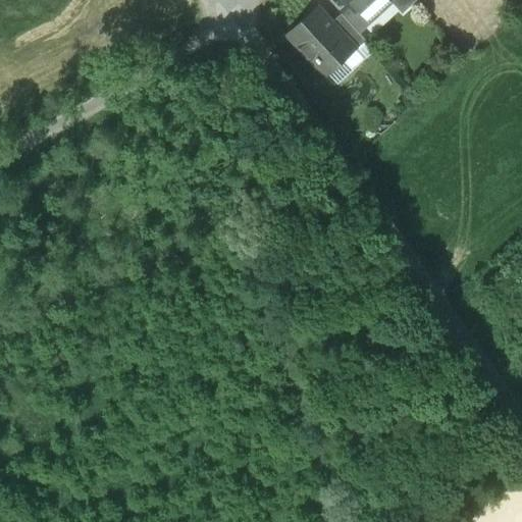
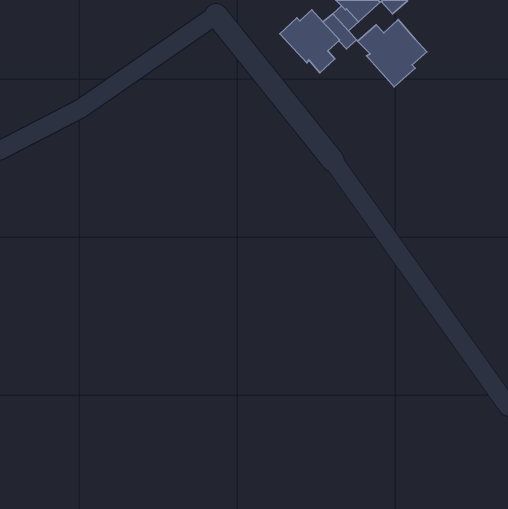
building: none -> [358,20,427,87]

